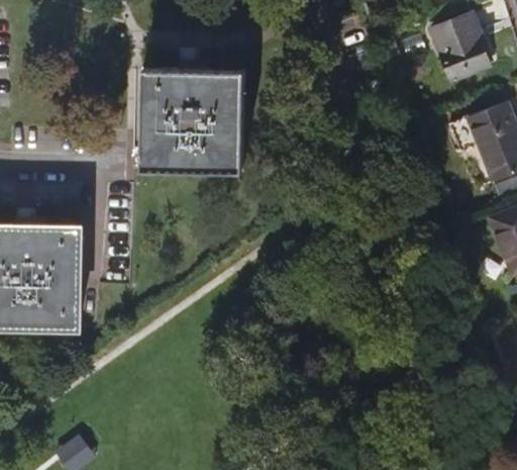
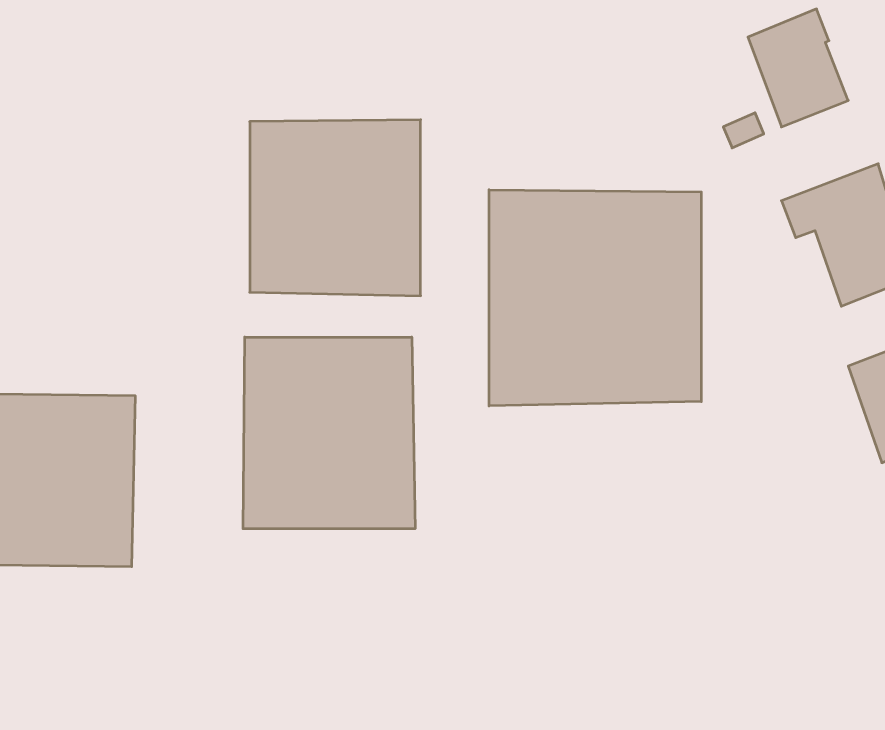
building: none -> [489,190,701,406]
building: none -> [243,337,415,529]

